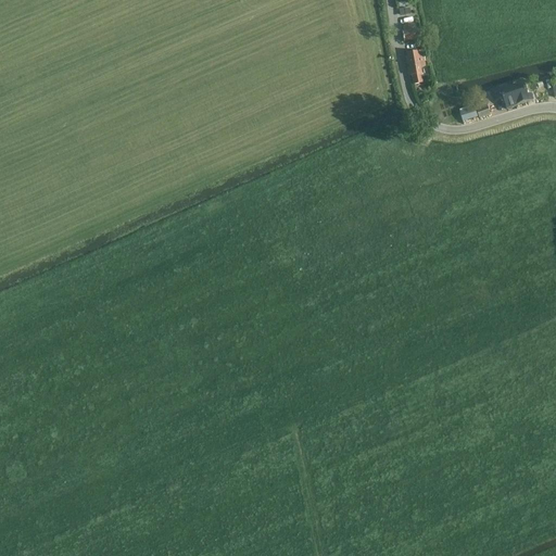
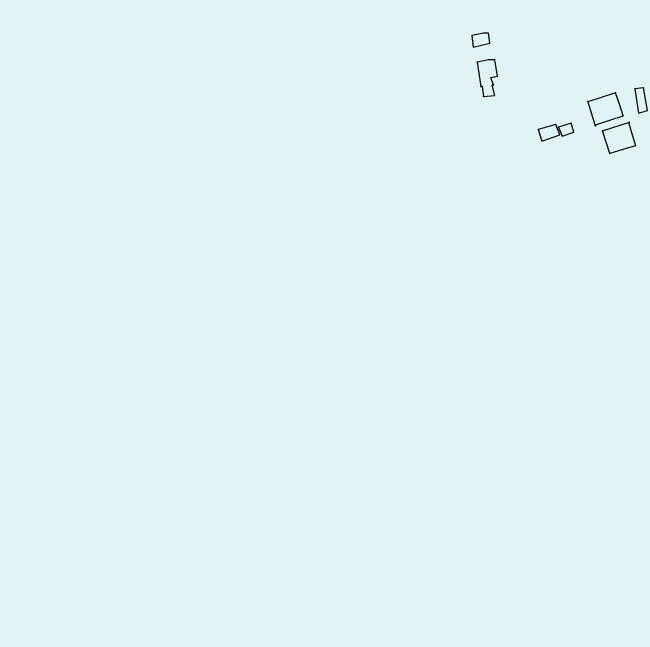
building: none -> [603,122,635,154]

